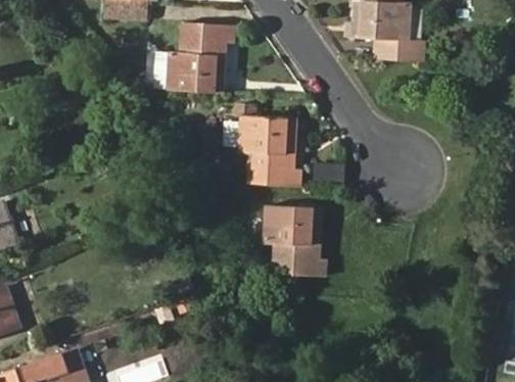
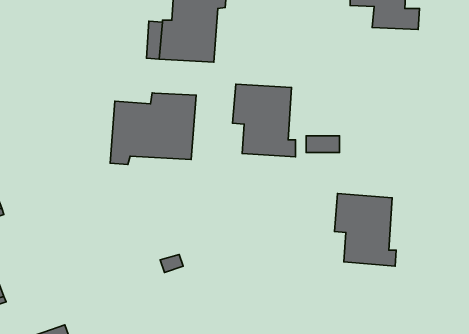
building: none -> [110,93,196,164]
building: [266,205,326,276] -> [334,194,396,266]

